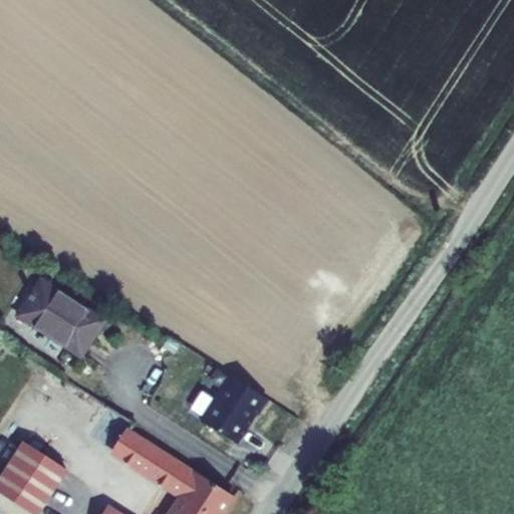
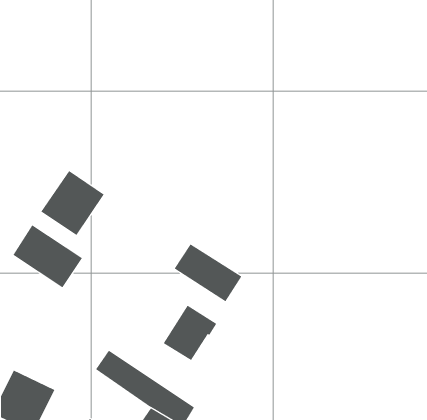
building: none -> [40,170,104,236]
building: none -> [174,244,242,302]

